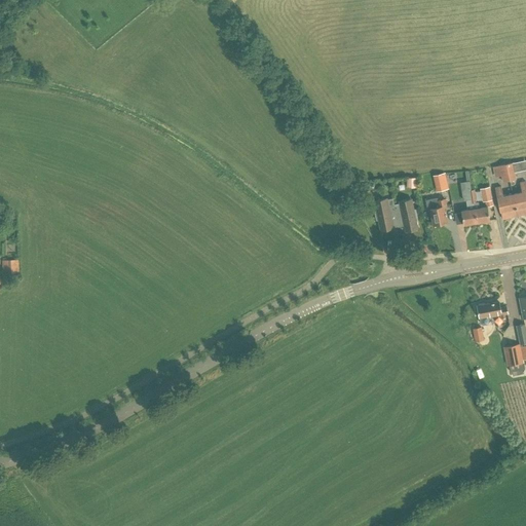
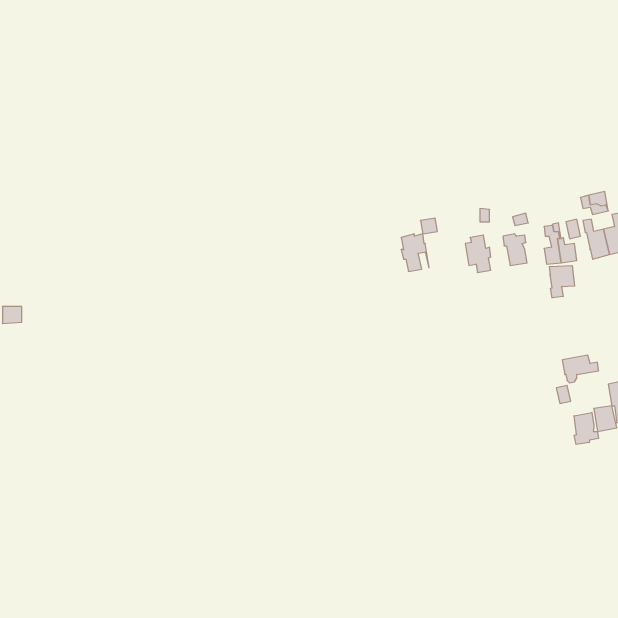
building: [375,199,399,231] -> [401,234,429,271]
building: none -> [549,266,574,298]
building: none -> [574,412,599,444]

